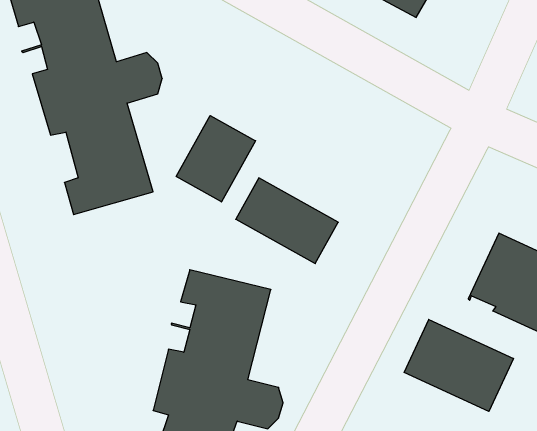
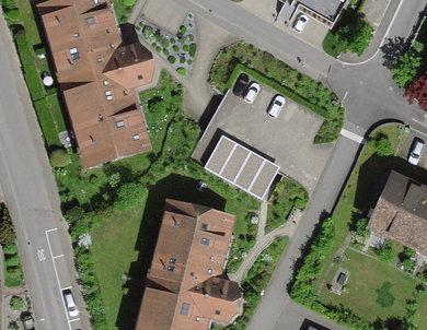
building: [176,116,256,202] -> none
building: [404,319,513,411] -> none

